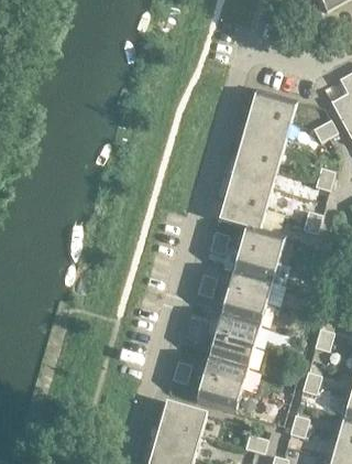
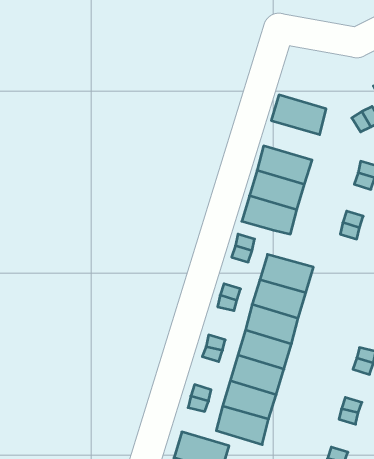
building: [250,87,297,121] -> none
building: [237,131,285,165] -> none
building: [240,226,286,258] -> none

